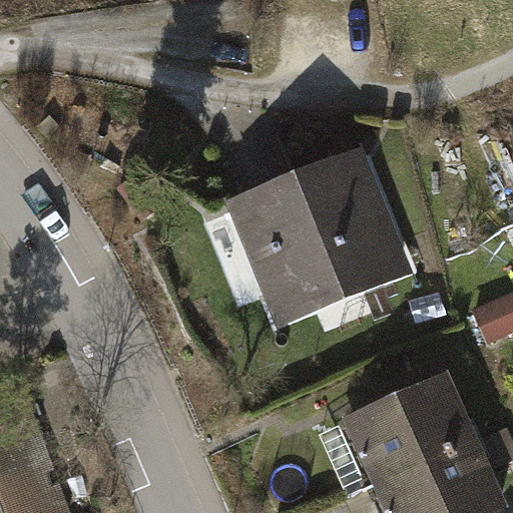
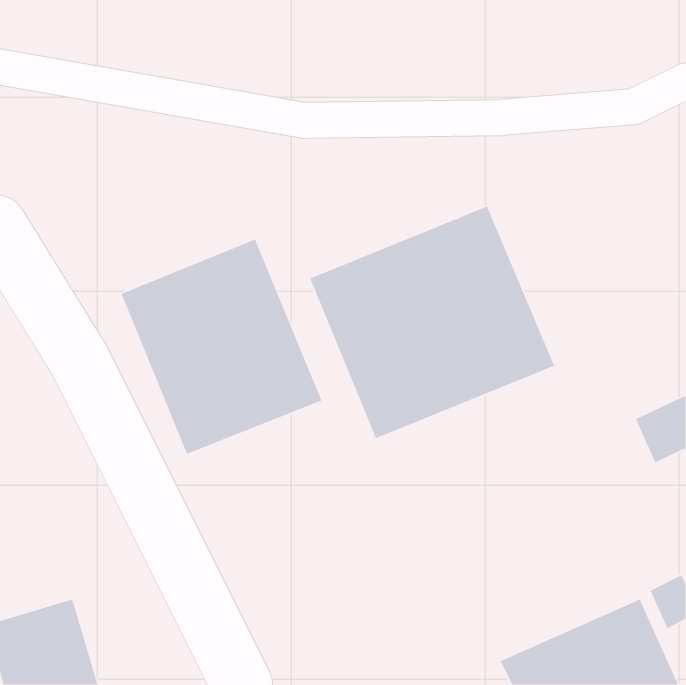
building: none -> [120,239,322,455]
building: [342,375,475,490] -> none

